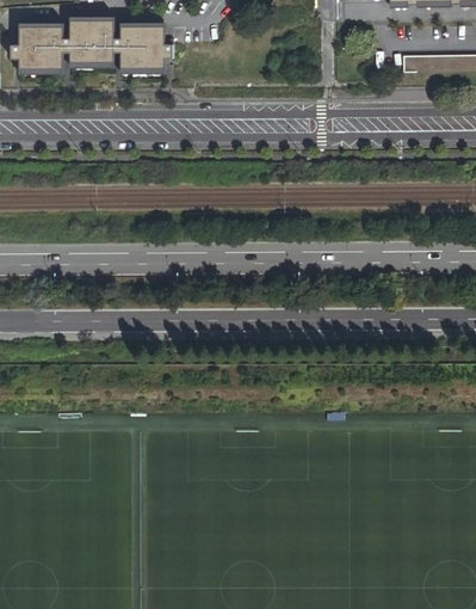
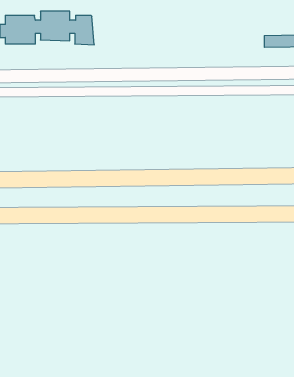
building: [144,24,169,75] -> none

